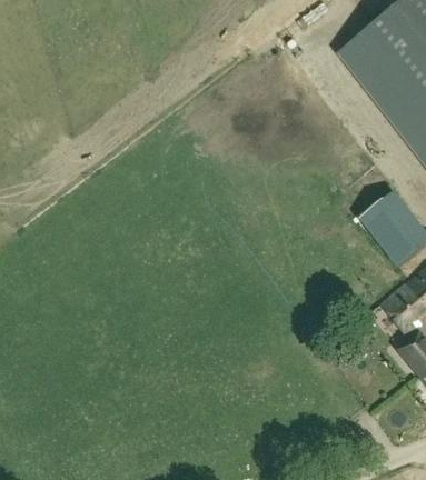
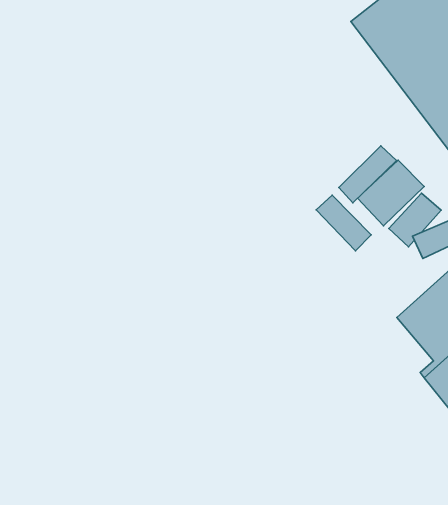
building: none -> [339,146,396,203]
building: none -> [316,195,371,251]

